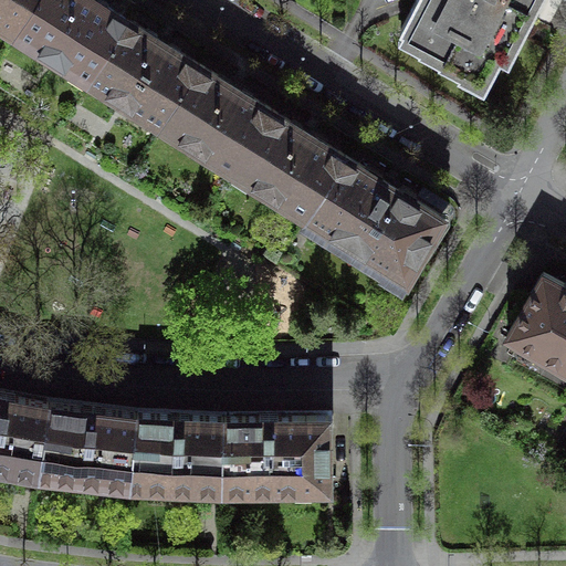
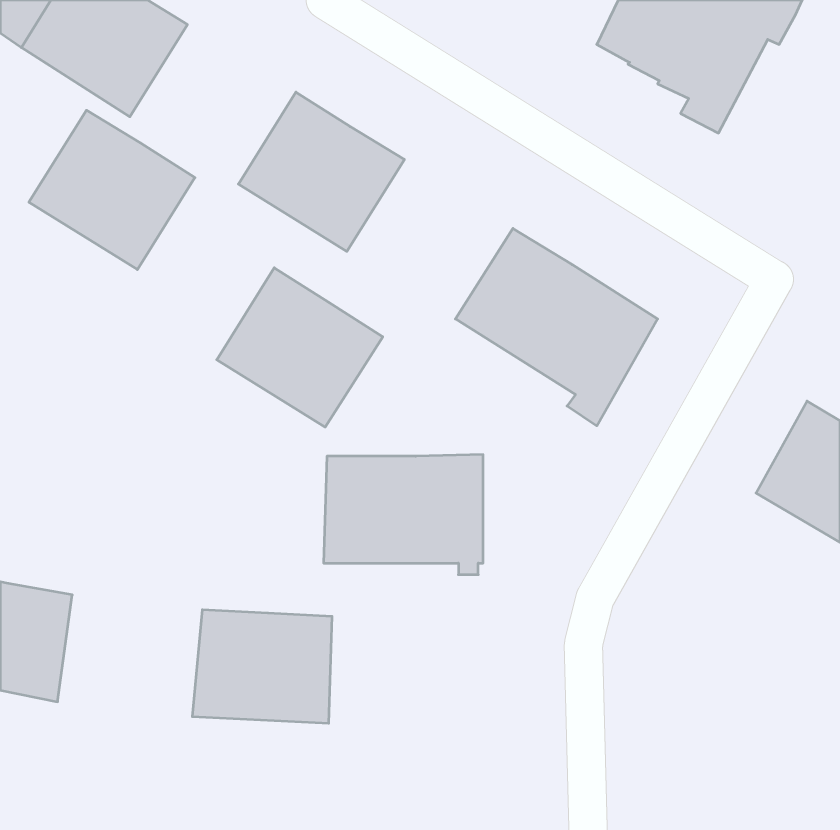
building: [87,23,199,130] -> [29,110,195,270]
building: [233,114,345,221] -> [217,268,383,427]
building: [39,407,136,489] -> none
building: [221,420,328,501] -> [324,455,483,575]

